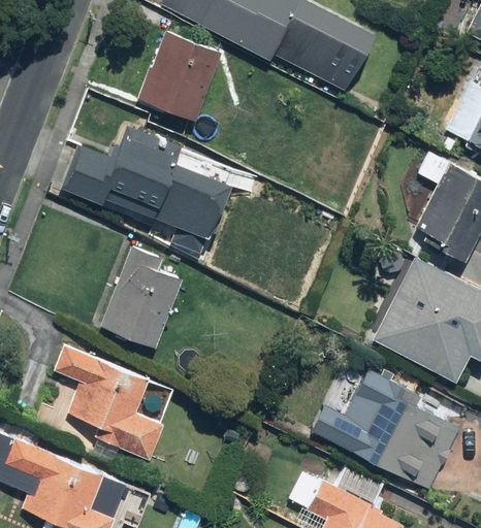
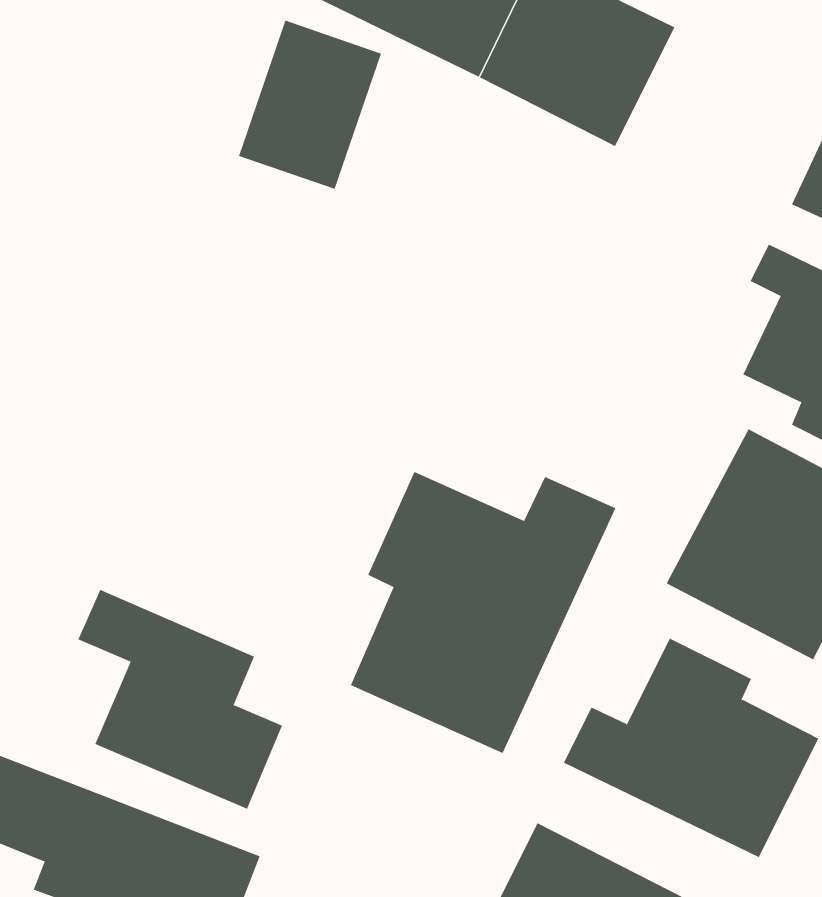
building: [66,122,232,242] -> none
building: [99,242,190,354] -> none
building: none -> [350,471,616,754]

